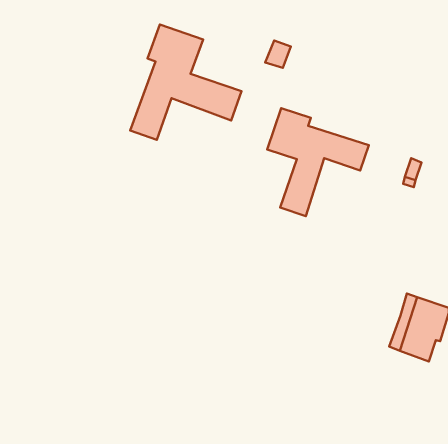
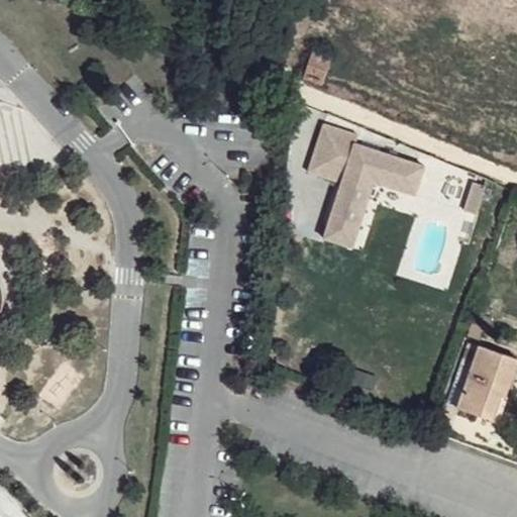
building: [130,24,241,140] -> none

